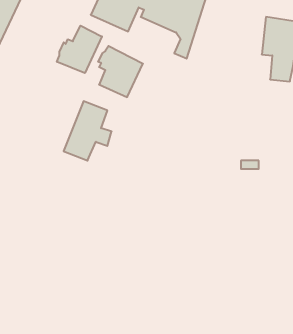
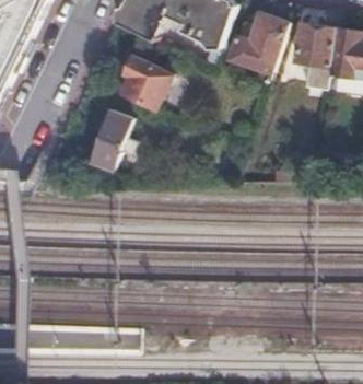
building: none -> [231,12,290,70]
building: [57,26,102,73] -> none

